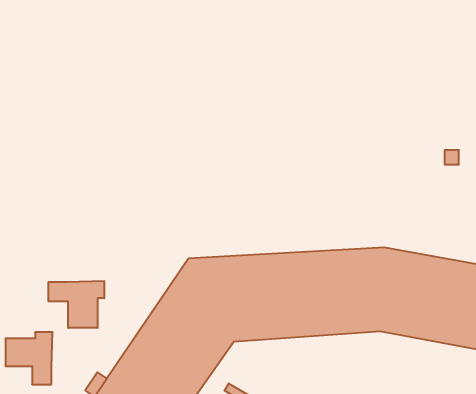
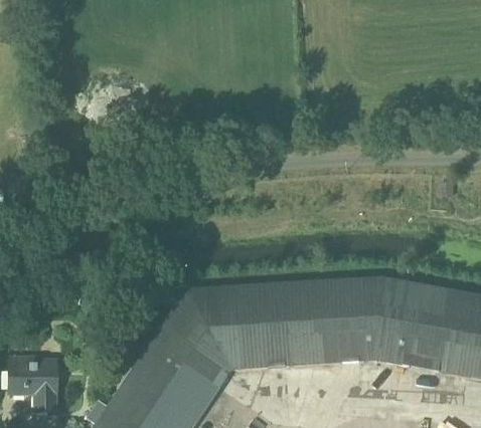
building: [48,281,104,328] -> none

